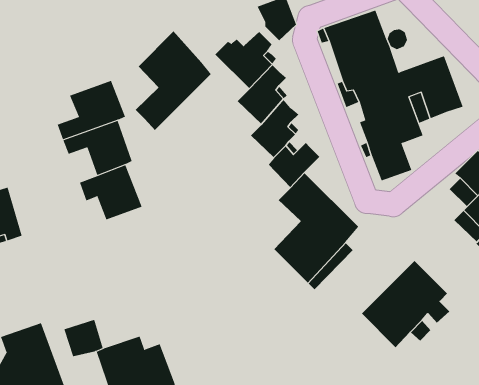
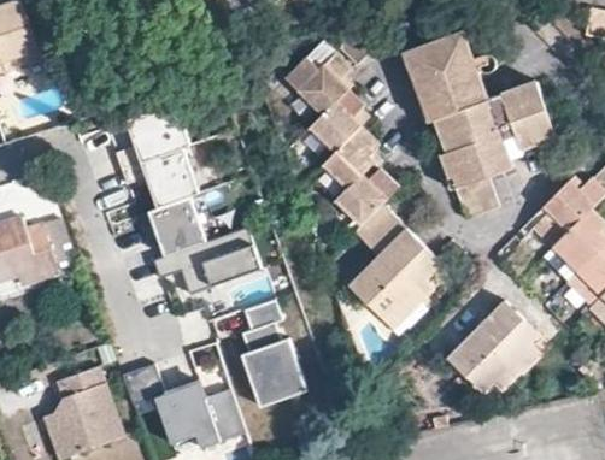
building: [135,30,212,131] -> none
building: none -> [154,226,262,294]
building: none -> [241,301,302,403]

